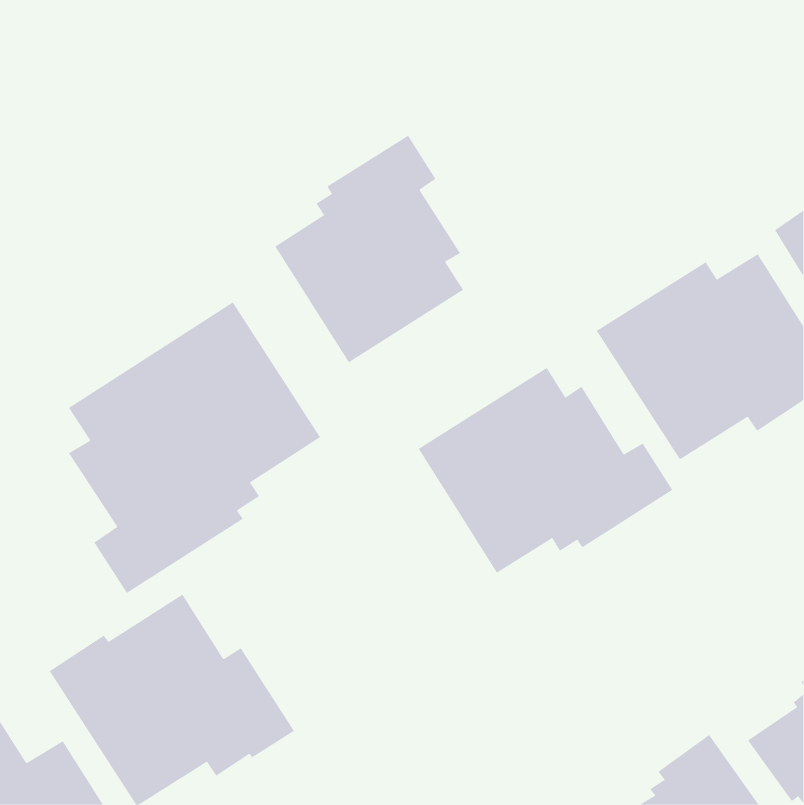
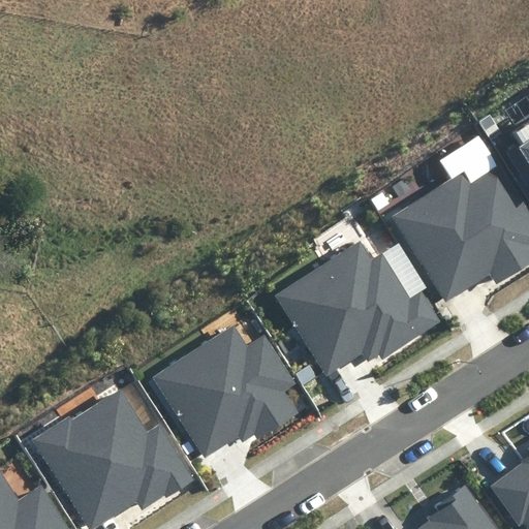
building: [274,135,464,363] -> none
building: [68,301,321,594] -> none
building: none -> [152,324,299,457]

